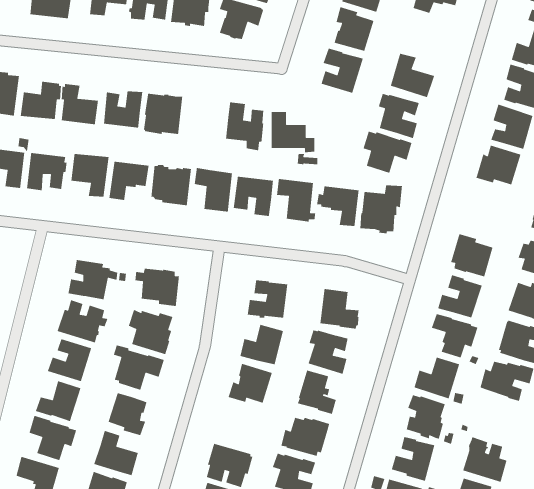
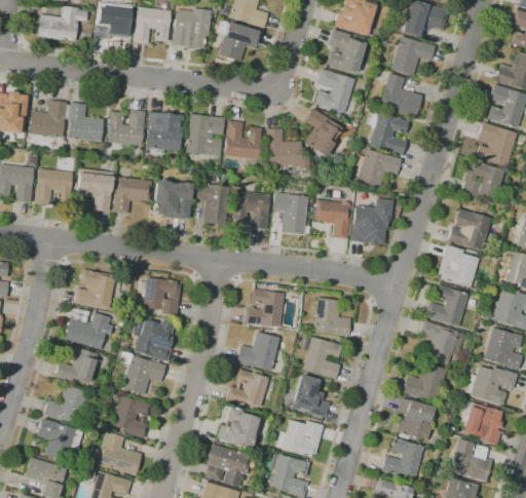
building: none -> [391,36,436,76]
building: none -> [304,108,342,158]
building: none -> [187,114,224,156]
building: none -> [448,208,492,251]
building: none -> [463,401,505,446]
building: none -> [216,406,259,448]

